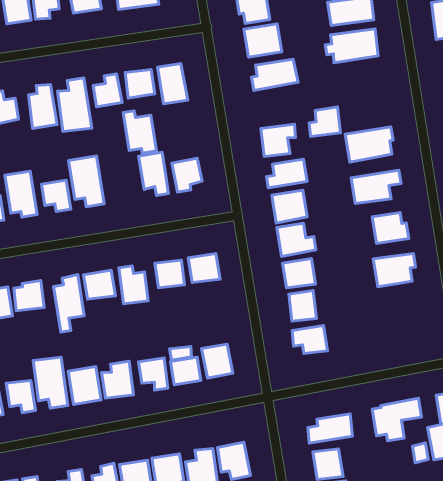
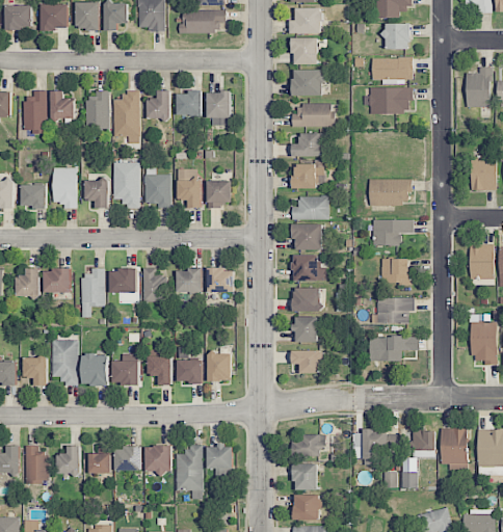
building: [309,107,341,136] -> [291,133,320,157]
building: [123,111,157,153] -> [145,168,170,208]
building: none -> [370,336,419,361]

